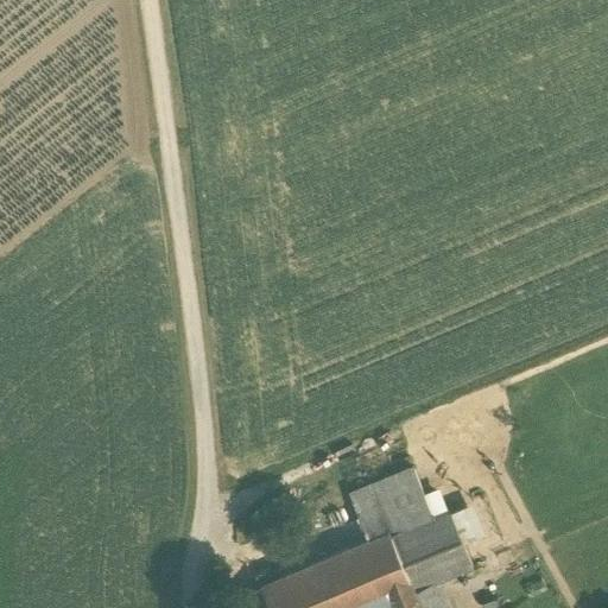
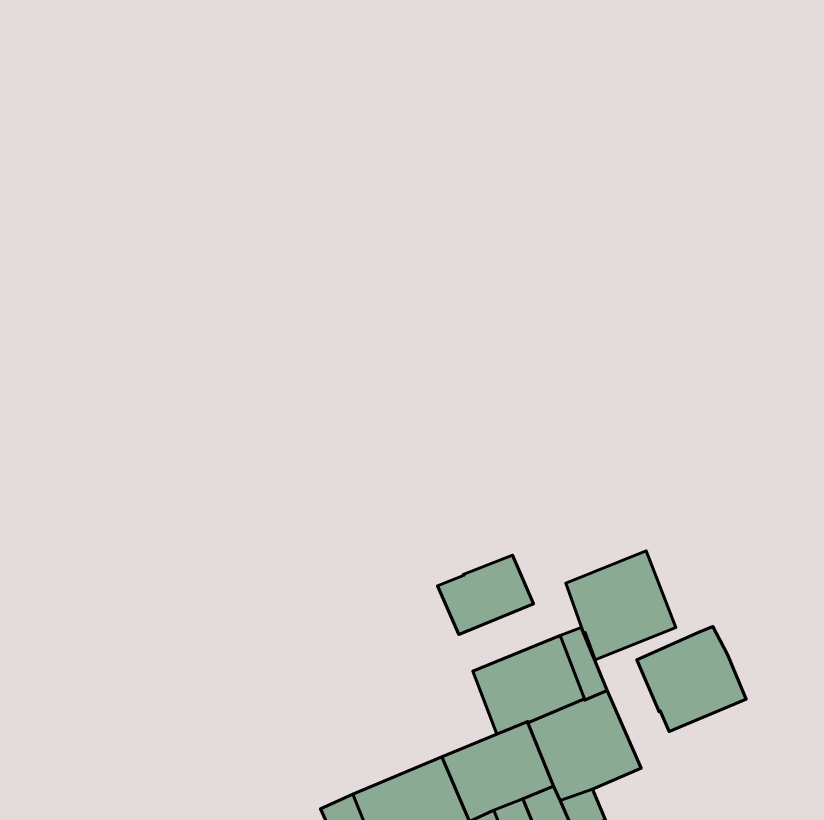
building: none -> [566,551,676,660]
building: none -> [438,555,534,634]
building: none -> [637,627,746,731]

